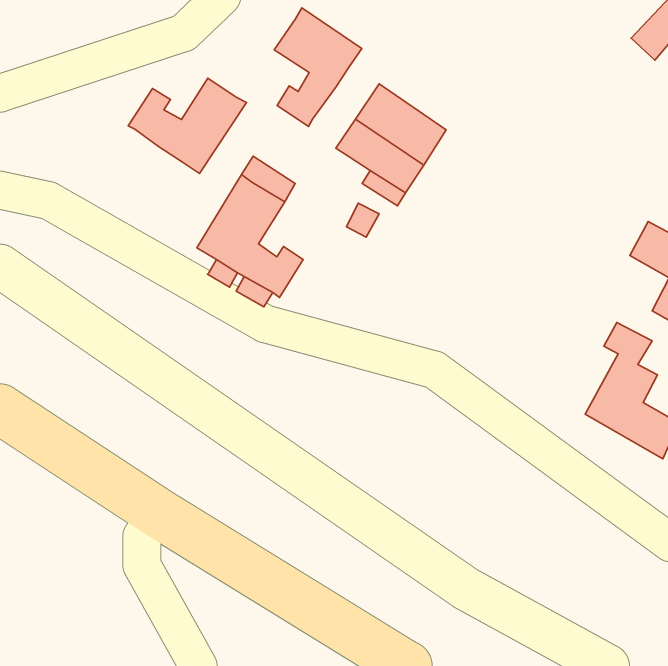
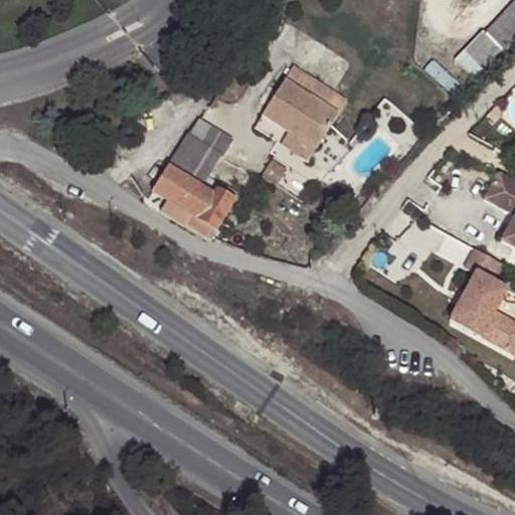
building: [274,8,362,126] -> none
building: none -> [454,30,499,75]
building: [128,78,246,173] -> none

